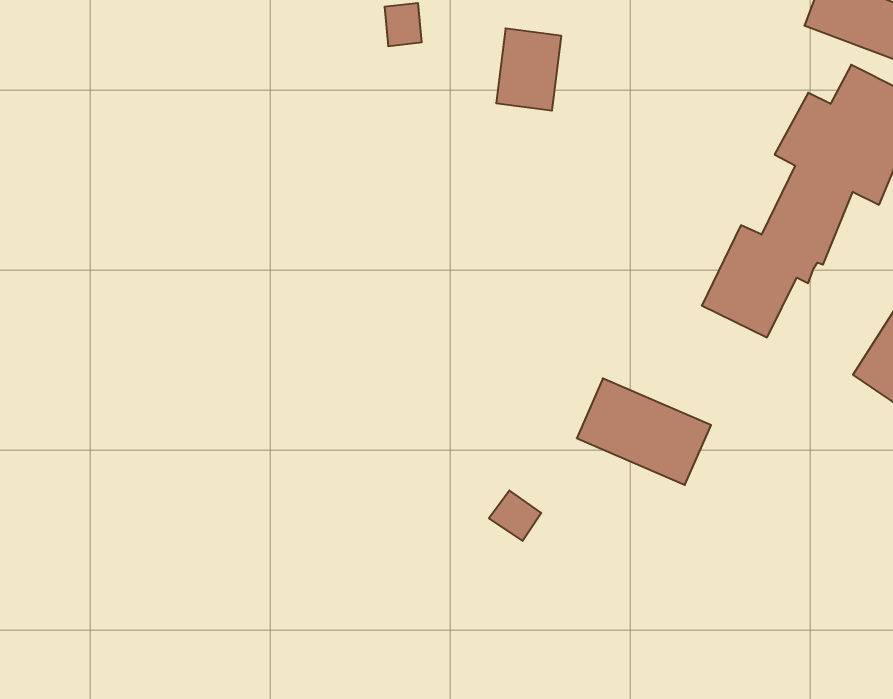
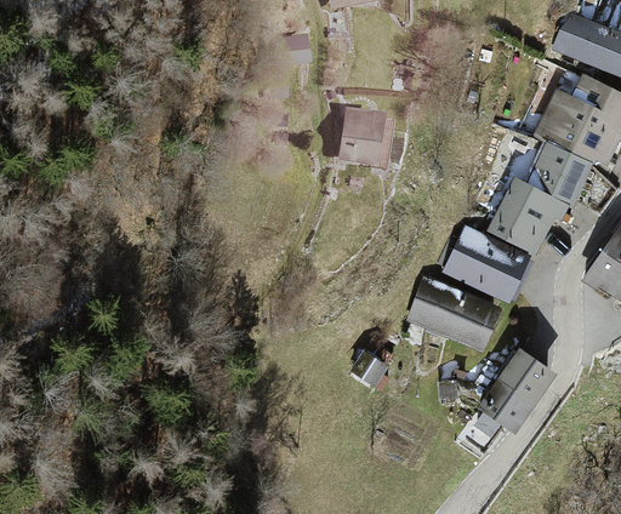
building: [496,28,561,111] -> [341,110,383,164]
building: none -> [445,228,528,301]
building: none -> [477,350,554,435]

